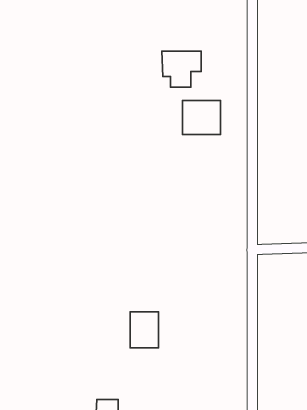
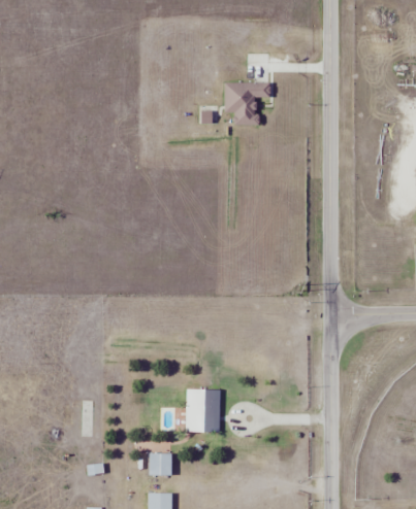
building: [182,101,221,135] -> none
building: none -> [151,453,171,476]

